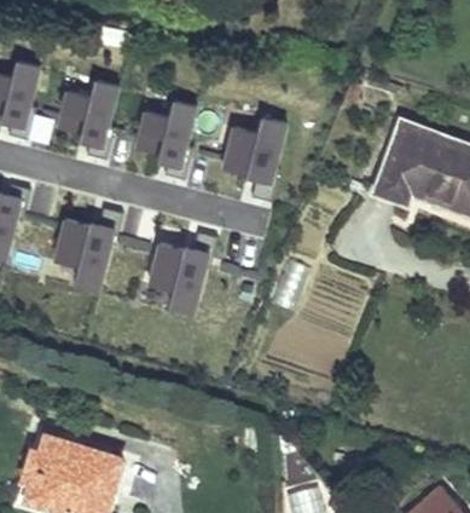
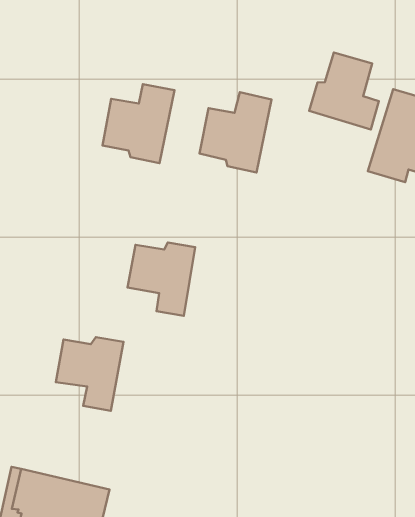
building: [56,76,123,149] -> none
building: none -> [309,53,379,129]
building: [56,221,118,288] -> [56,337,123,411]

